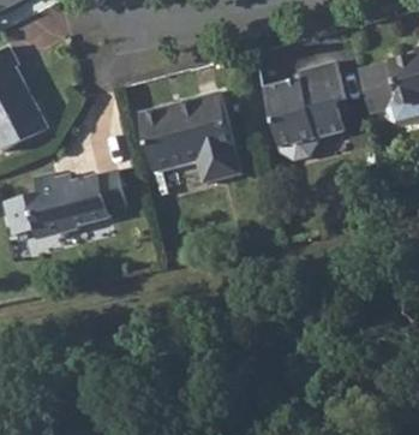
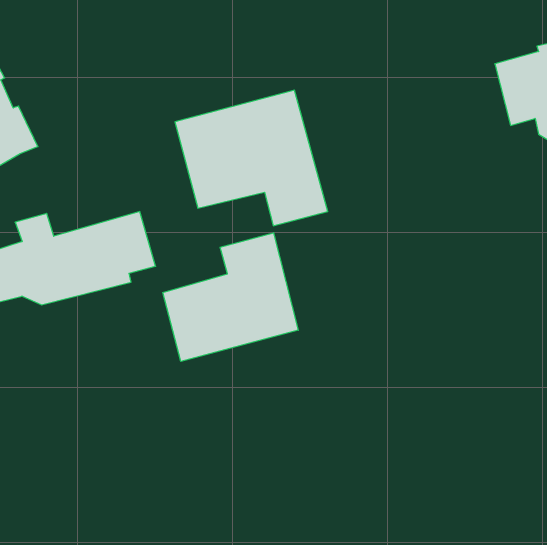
building: [264,60,346,163] -> none
building: none -> [163,233,298,361]

